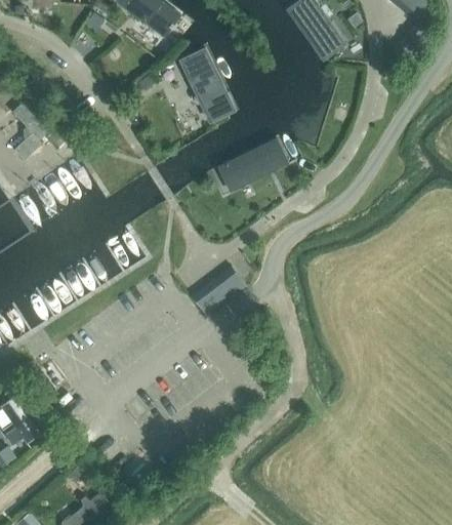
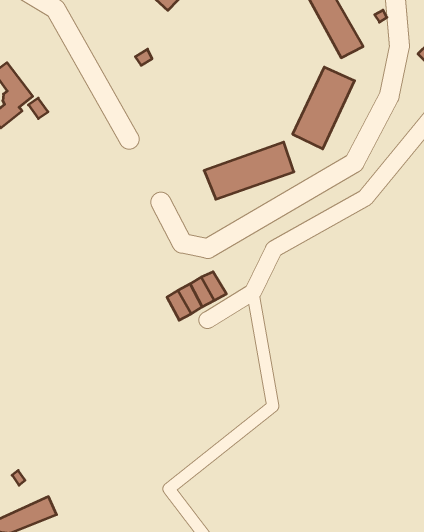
building: [178,40,237,120] -> none

